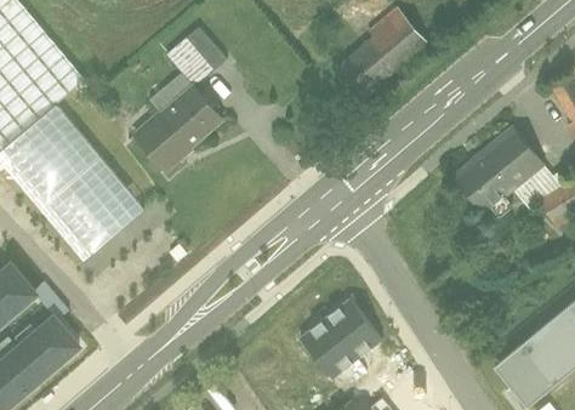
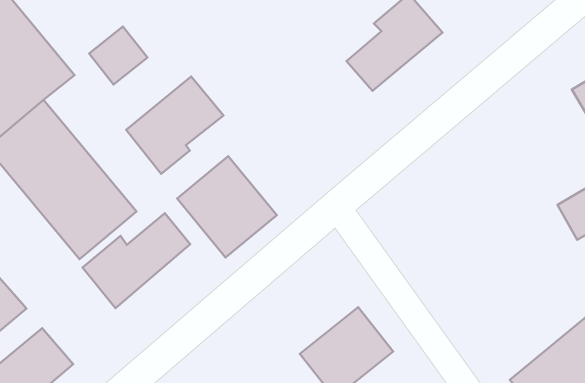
building: [170,28,224,82] -> [89,26,147,85]
building: [454,121,552,215] -> none
building: none -> [177,156,277,258]
building: none -> [82,213,190,308]

